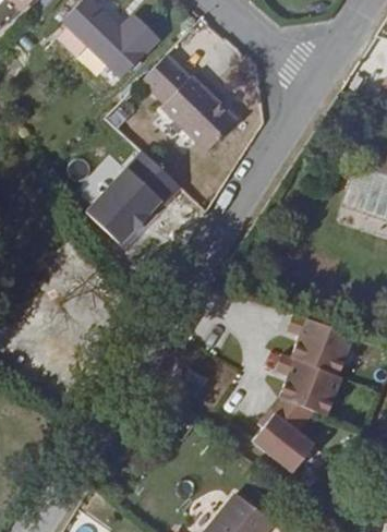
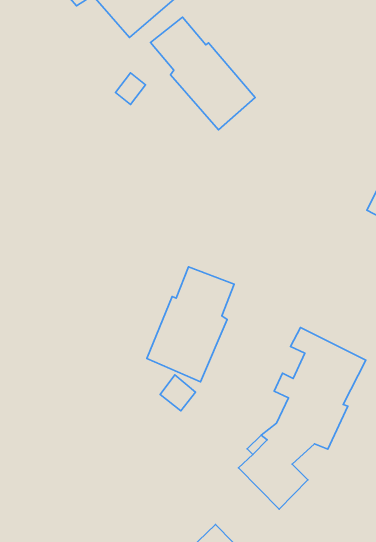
building: [83,150,177,241] -> none
building: none -> [147,267,234,382]

